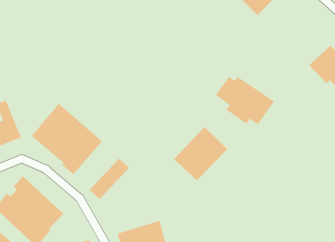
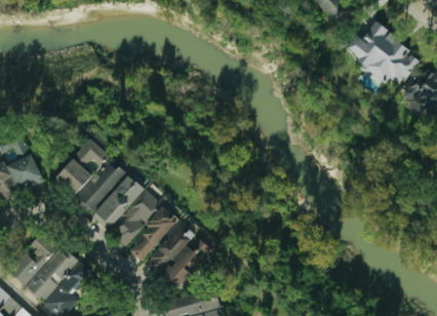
building: [215,76,275,125] -> [345,24,420,85]
building: [173,126,228,181] -> [143,223,211,291]
building: none -> [108,190,161,245]

